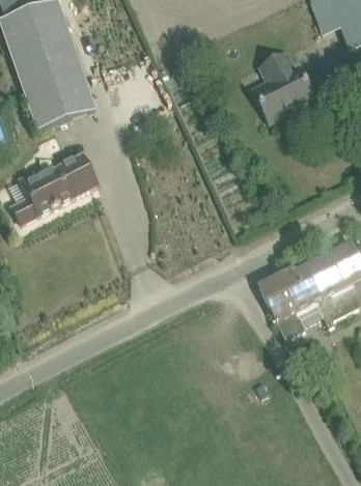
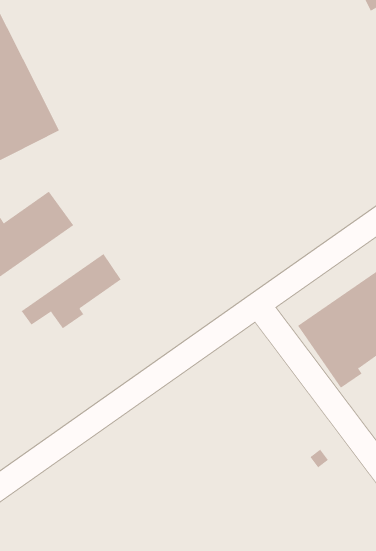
building: [252,52,313,120] -> none
building: none -> [21,253,121,329]

